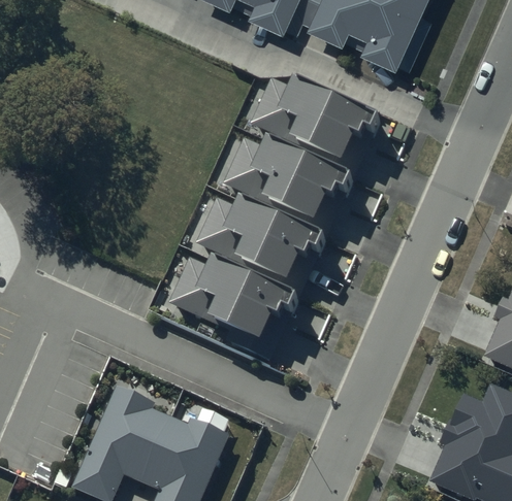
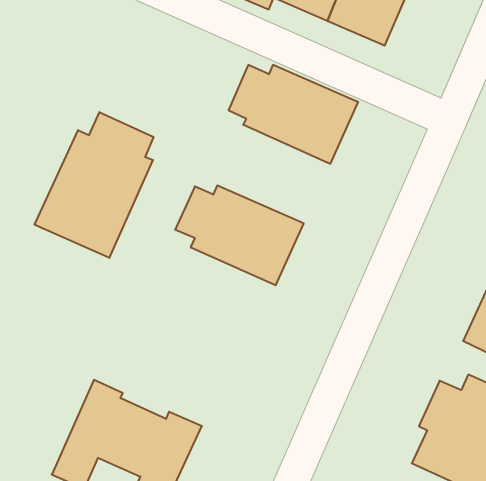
building: none -> [35,112,154,258]
building: [222,136,352,236] -> none
building: [172,260,297,360] -> none

